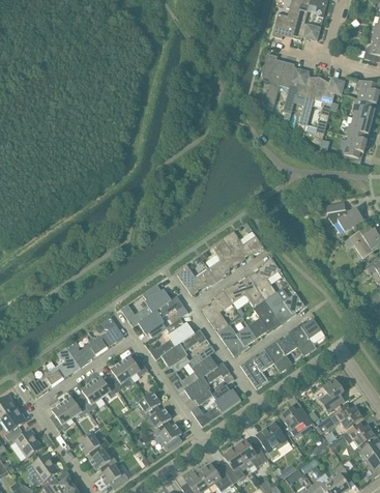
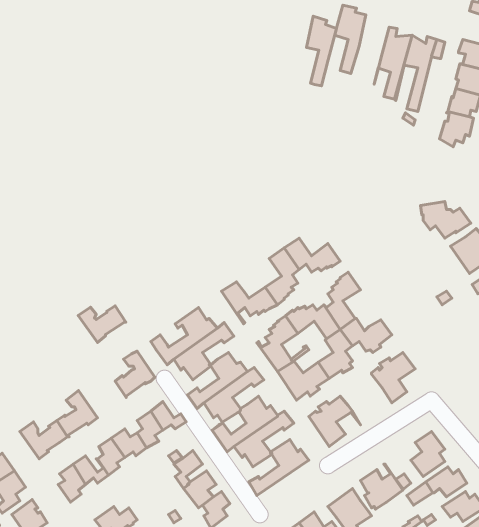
building: [280,60,302,113] -> [306,16,336,86]
building: [265,334,304,372] -> none
building: [66,339,103,367] -> [78,306,126,343]

